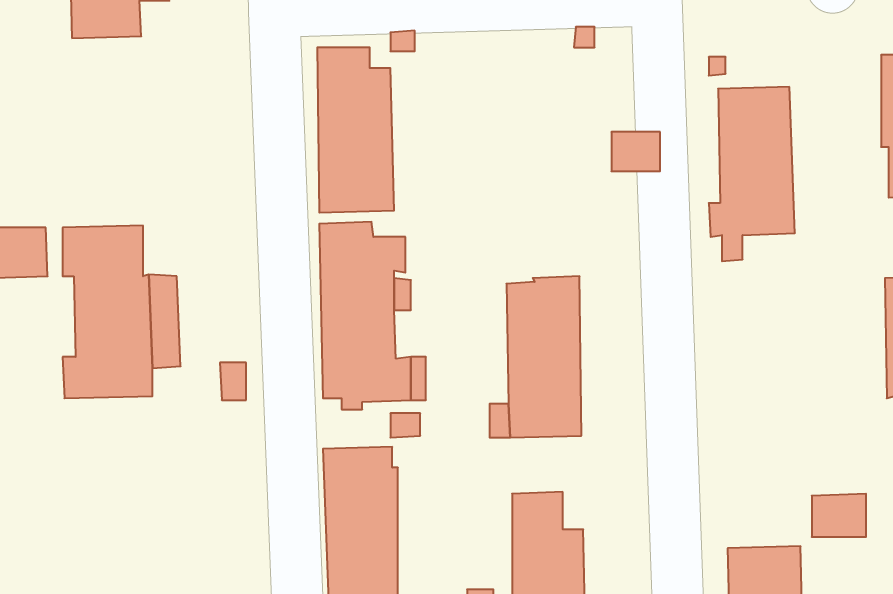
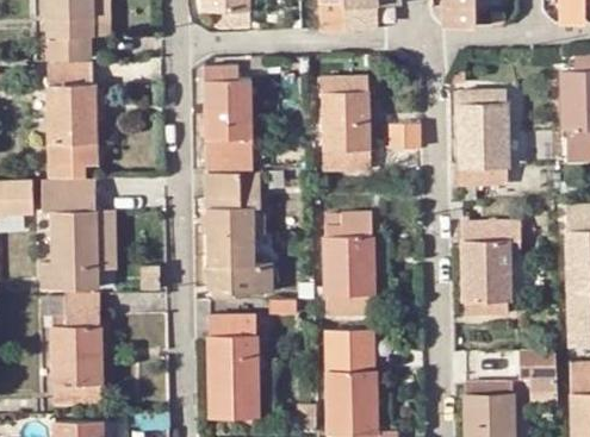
building: none -> [46,64,97,176]
building: none -> [321,75,369,170]
building: none -> [448,201,520,314]
building: none -> [42,294,101,402]

